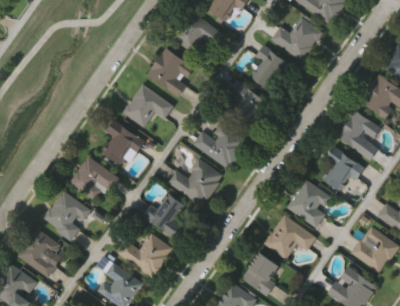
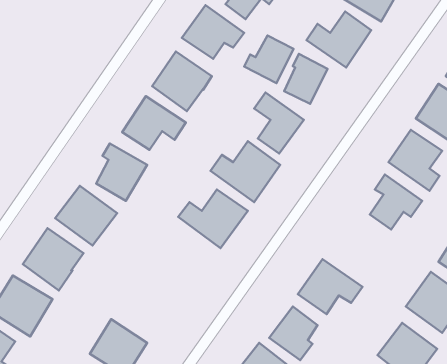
building: none -> [244,36,294,83]
building: [287,179,334,227] -> none
building: [144,191,185,238] -> none
building: [119,232,173,277] -> none

